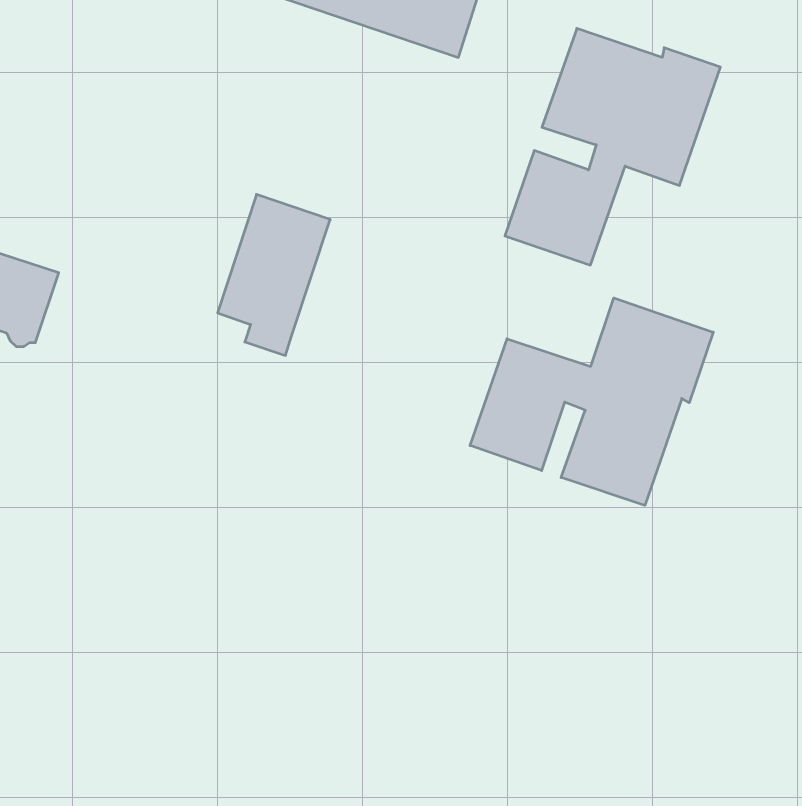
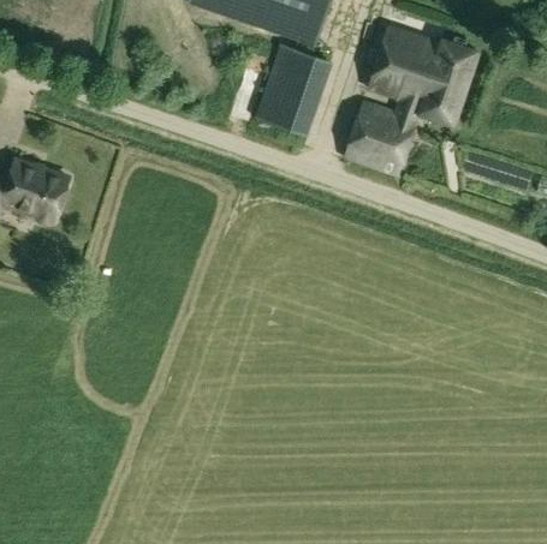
building: [218,194,330,355] -> [257,44,327,144]
building: [470,298,713,505] -> none

